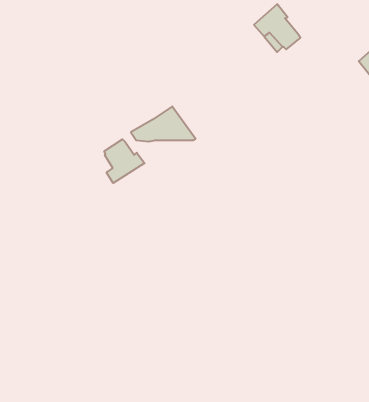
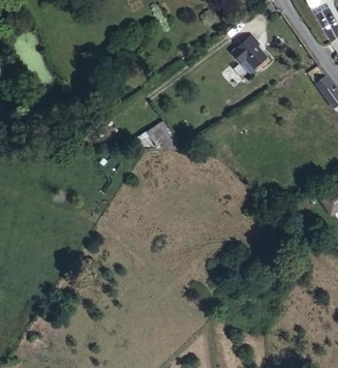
building: [104,139,145,183] -> none

